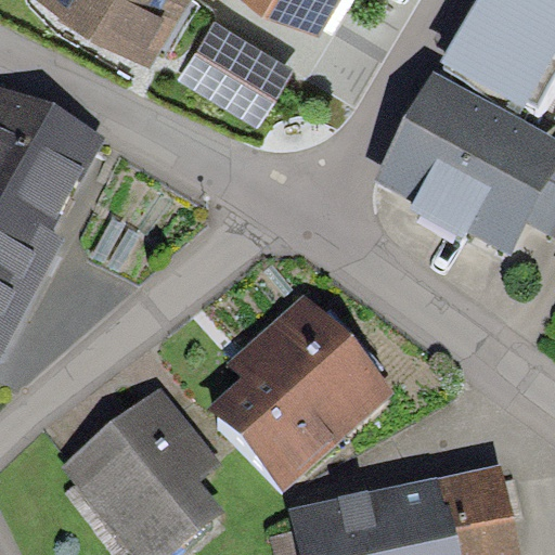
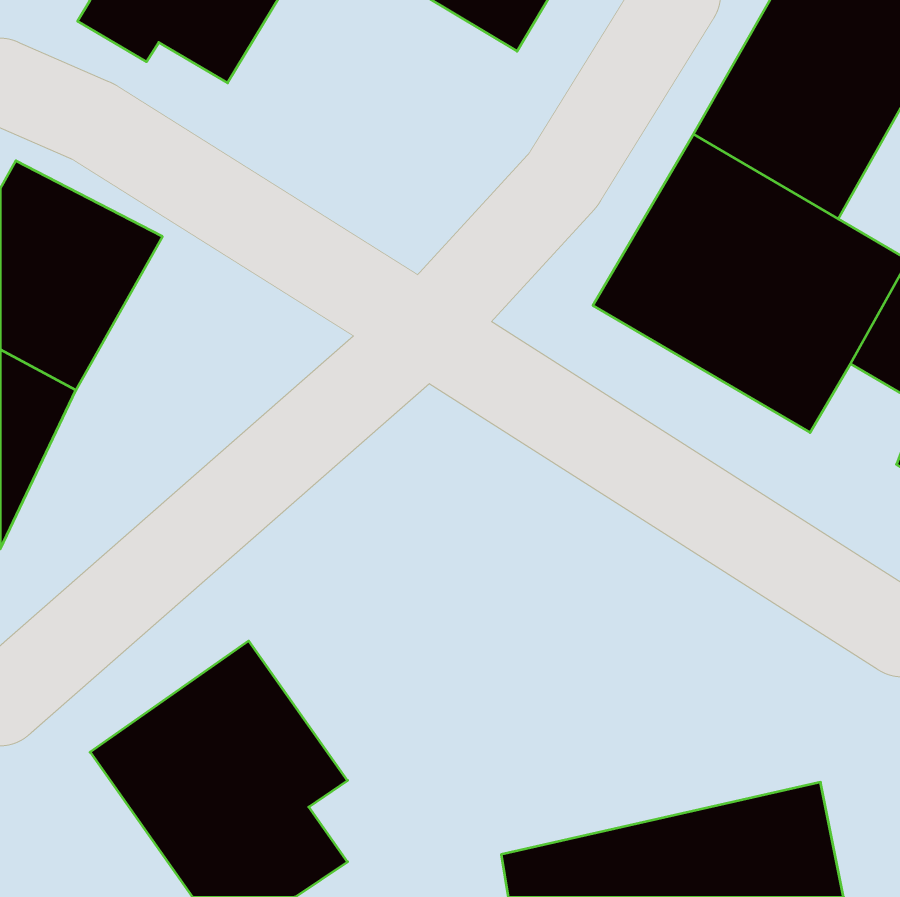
building: [181,14,294,121] -> none
building: [203,300,388,483] -> none

